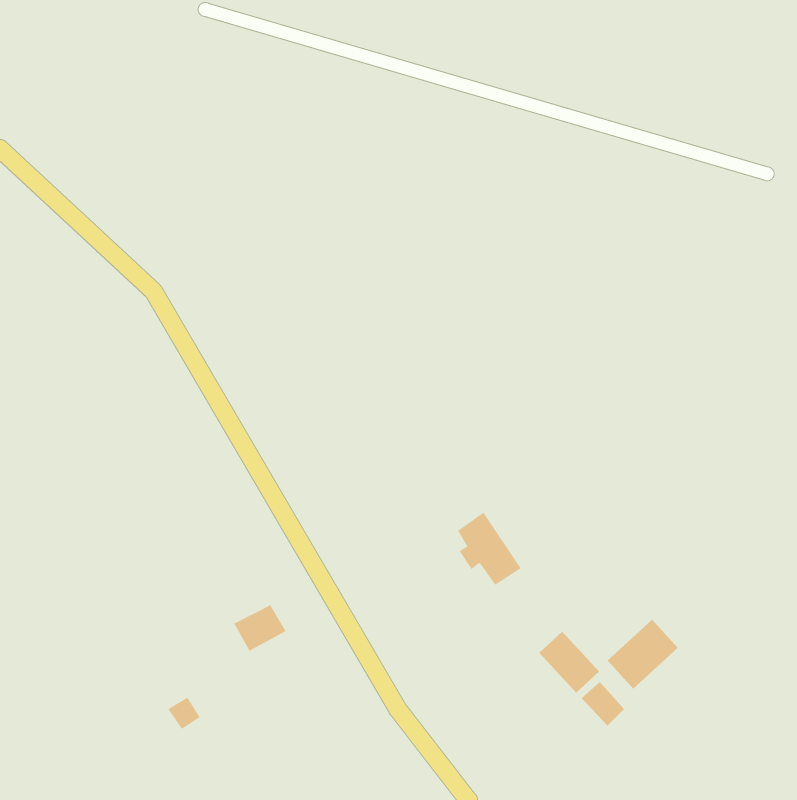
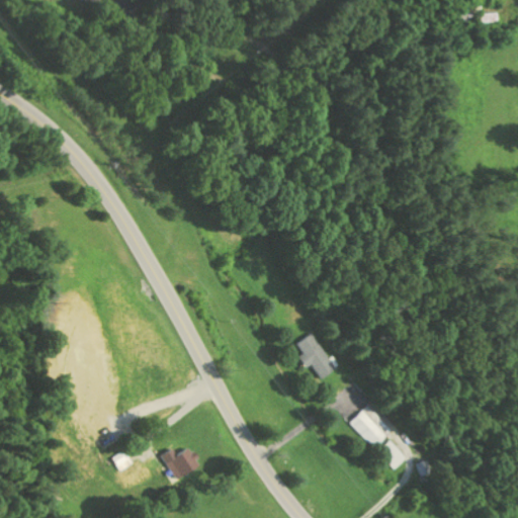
building: [233,605,287,652] -> [162,447,196,478]
building: [607,619,679,690] -> none

